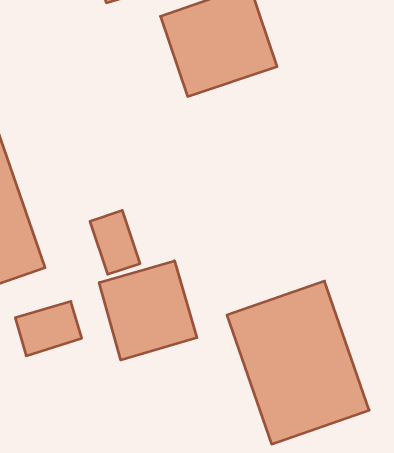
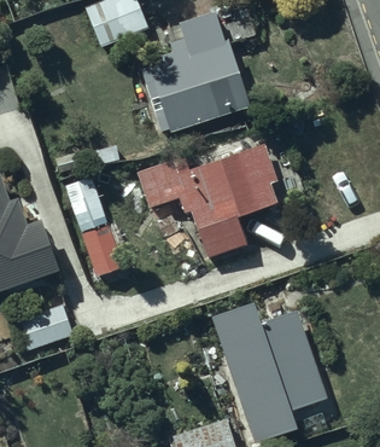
building: none -> [130,135,277,249]
building: [99,261,197,360] -> none

